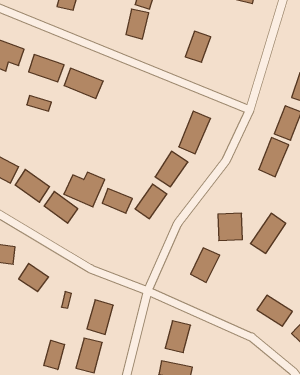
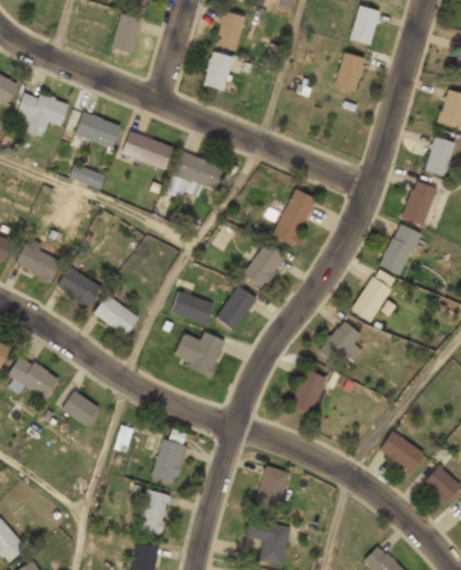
building: [185,31,211,62] -> [333,52,367,93]
building: none -> [173,152,224,190]
building: [64,172,105,207] -> [172,330,226,376]
building: [250,213,286,253] -> [350,269,397,322]
building: [44,340,65,370] -> none

